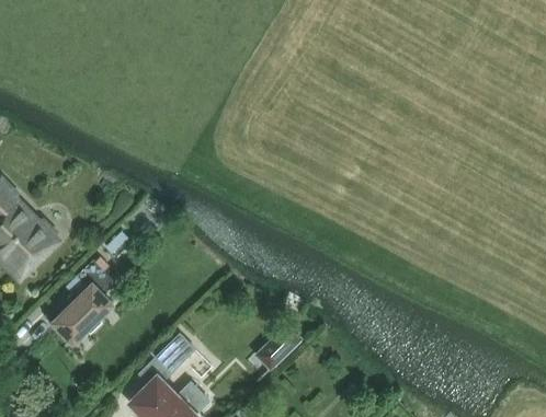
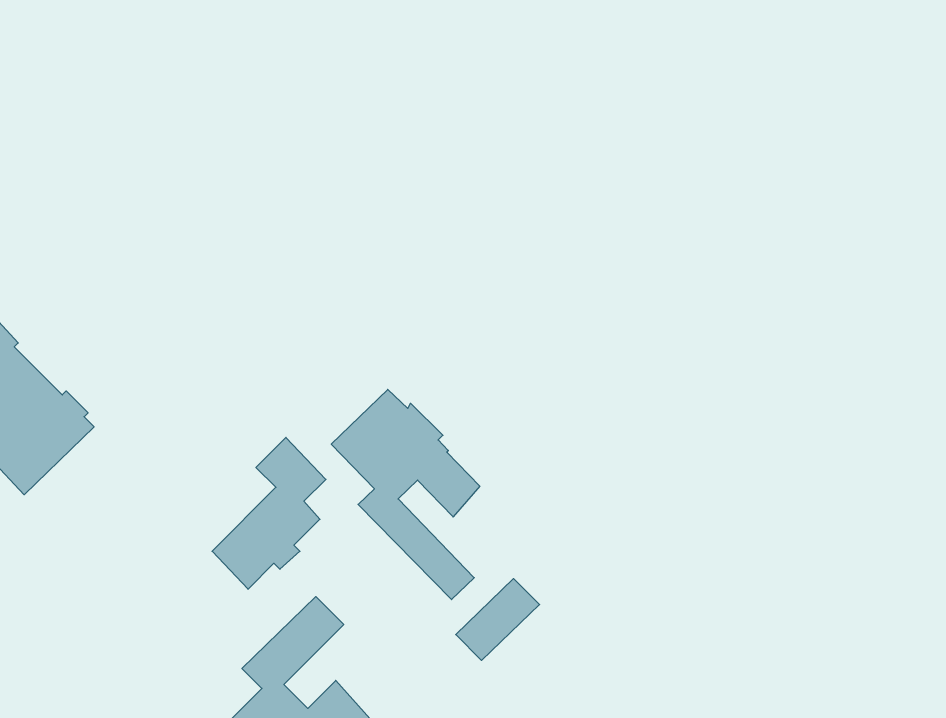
building: none -> [331,389,480,600]
building: [53,260,115,344] -> [212,437,326,589]

